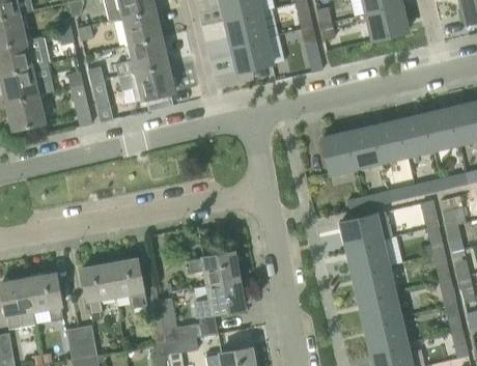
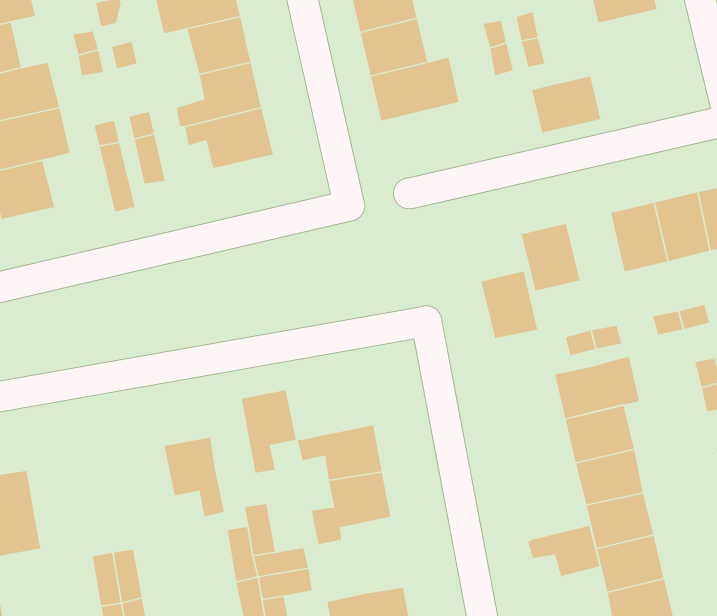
building: [366,6,408,40] -> [531,76,601,133]
building: [347,126,382,167] -> [480,271,538,339]
building: [82,264,115,314] -> [241,389,297,474]
building: [28,274,63,321] -> none
building: none -> [527,525,601,577]

